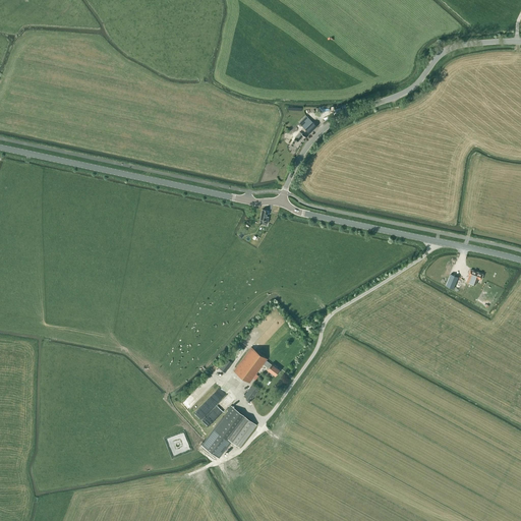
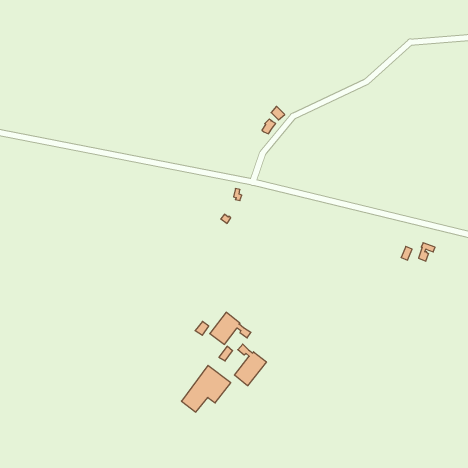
building: none -> [234,344,266,386]

